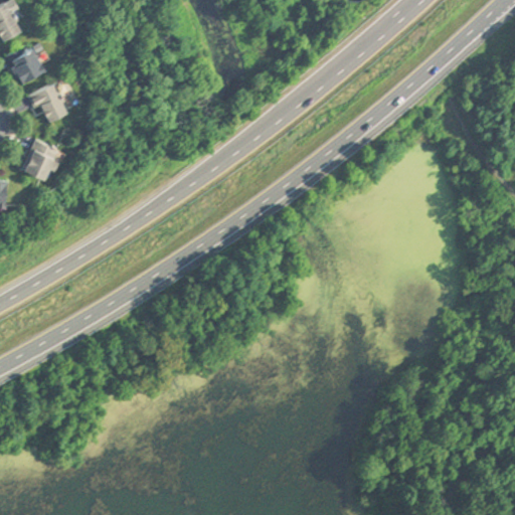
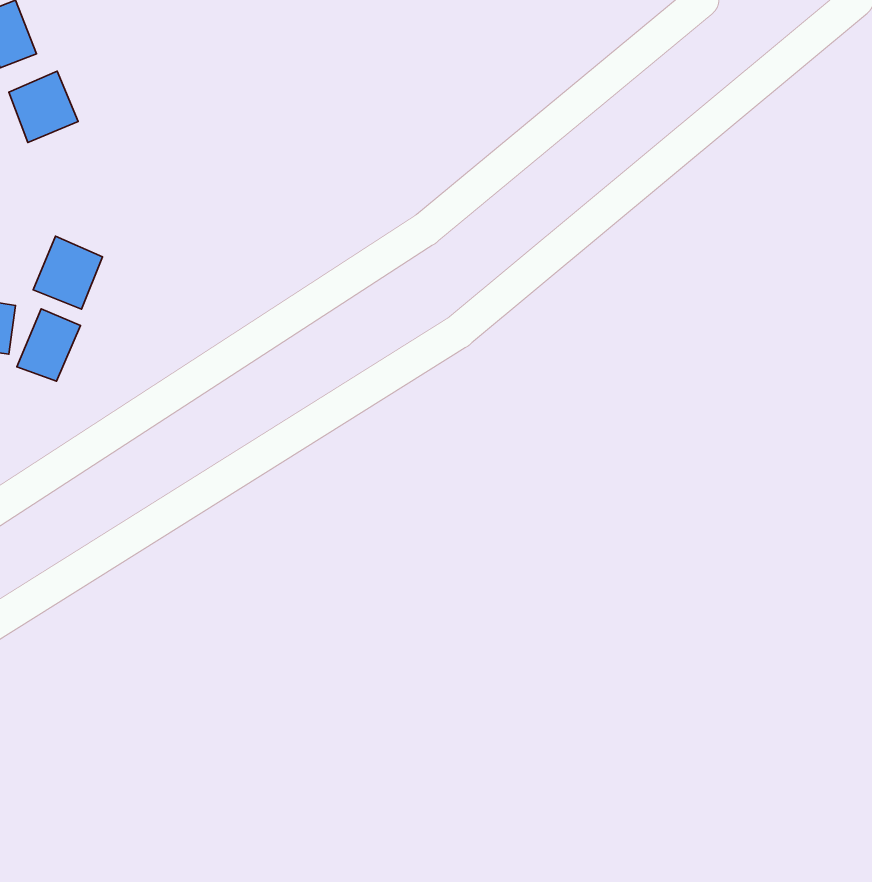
building: [25,83,67,124] -> none
building: none -> [17,309,80,381]

